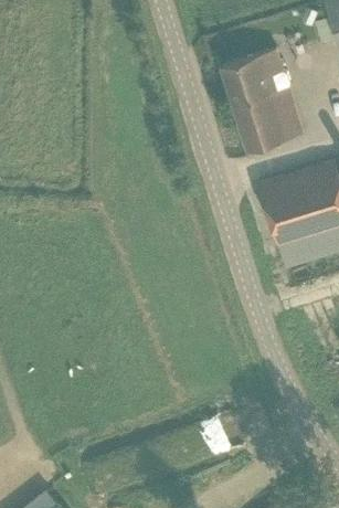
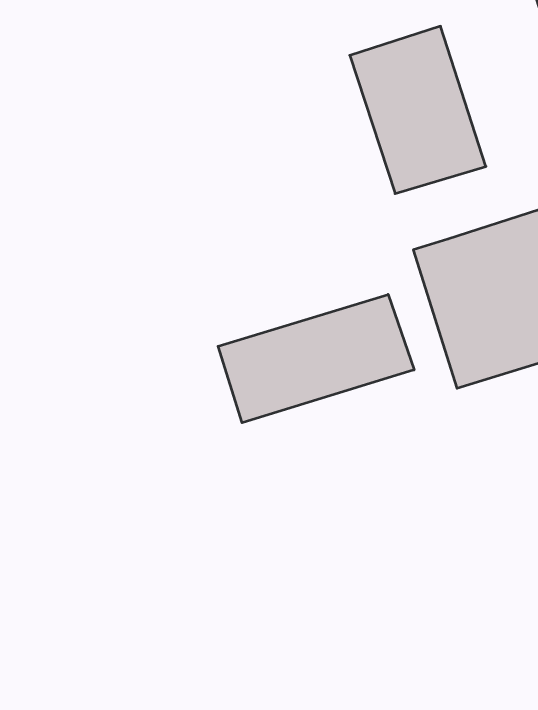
building: none -> [218,294,414,423]

